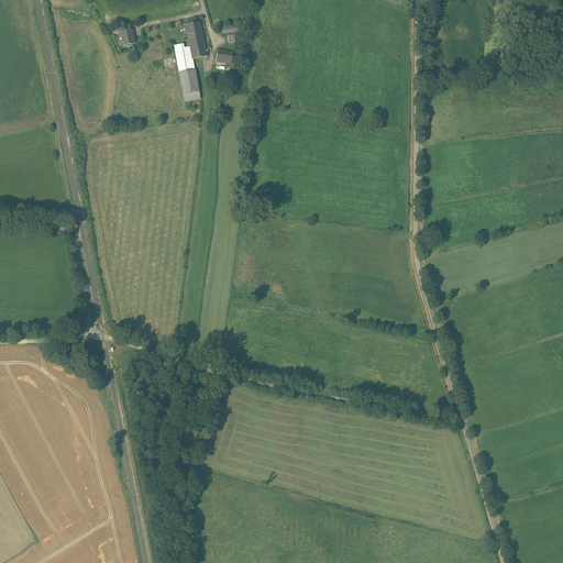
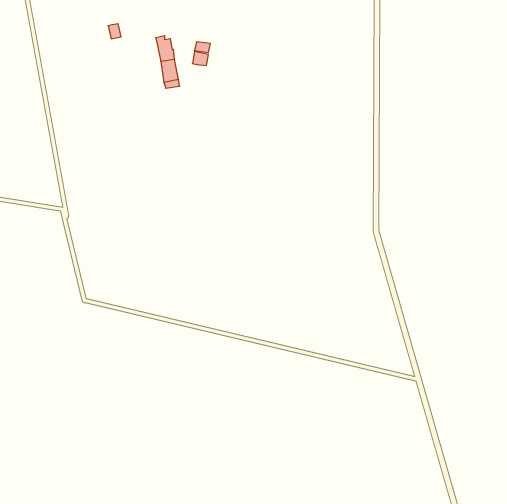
building: [187,24,207,55] -> none

